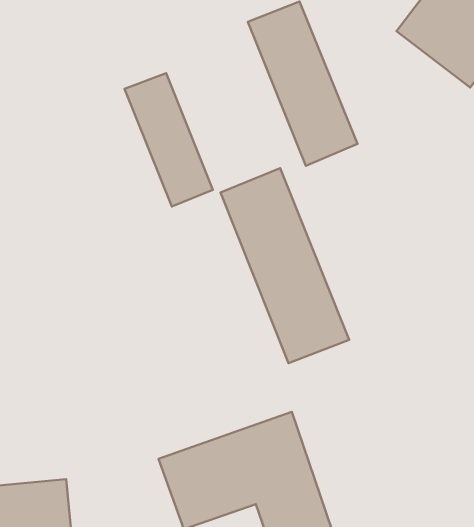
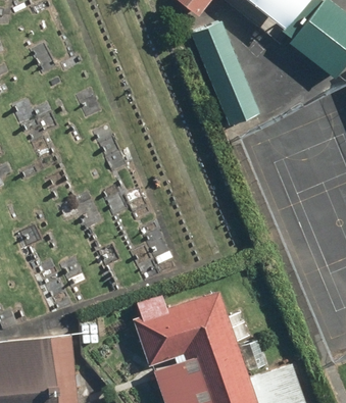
building: [125,73,213,207] -> none
building: [221,168,349,363] -> none

